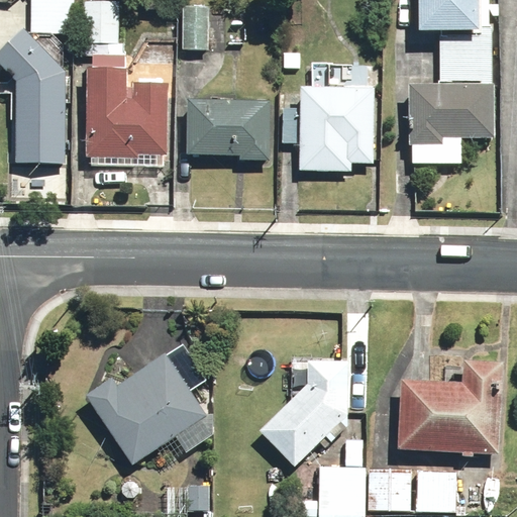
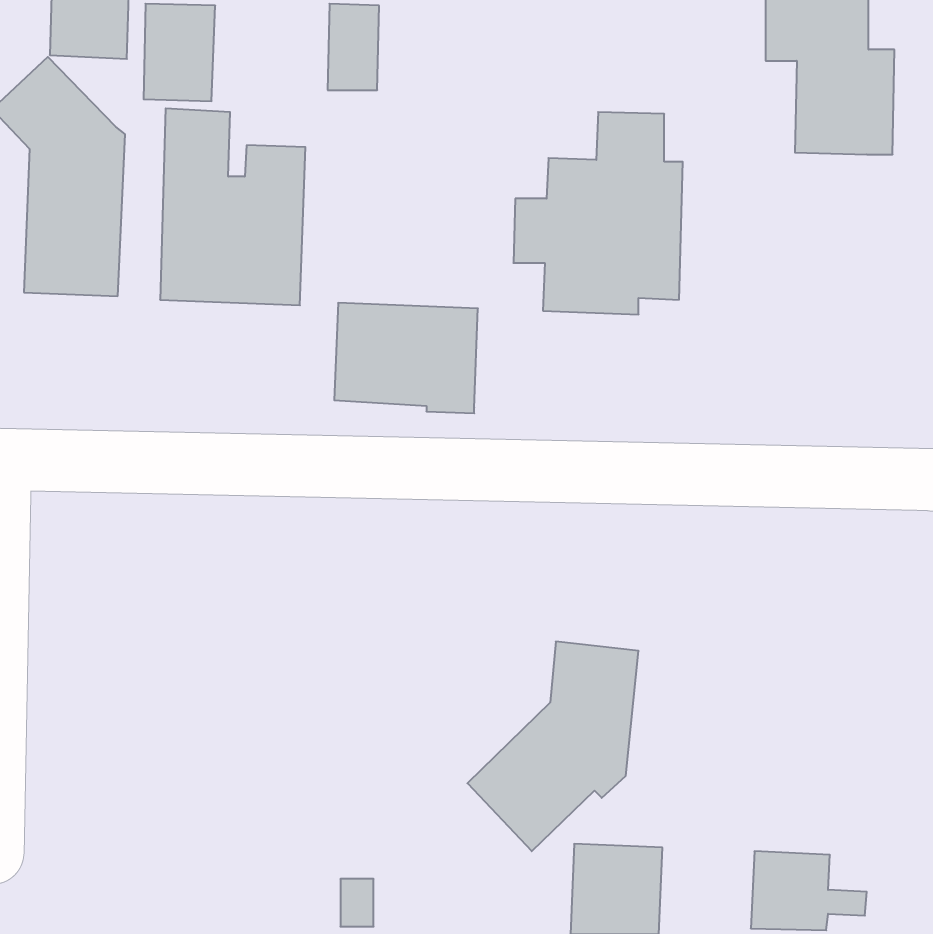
building: [409,84,494,164] -> none
building: [189,101,268,162] -> [334,303,478,413]
building: [83,349,212,460] -> none
building: [399,360,498,448] -> none
building: [365,467,410,509] -> none

